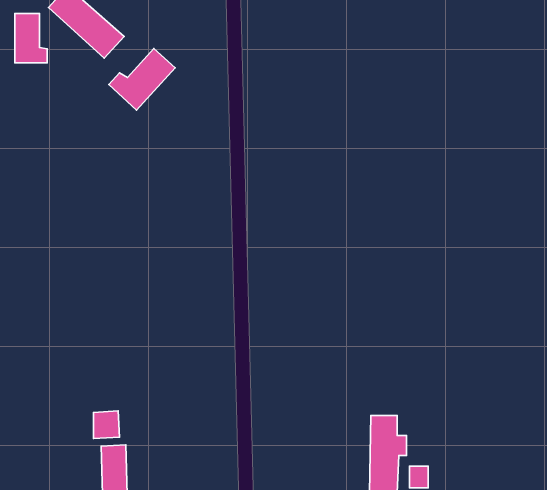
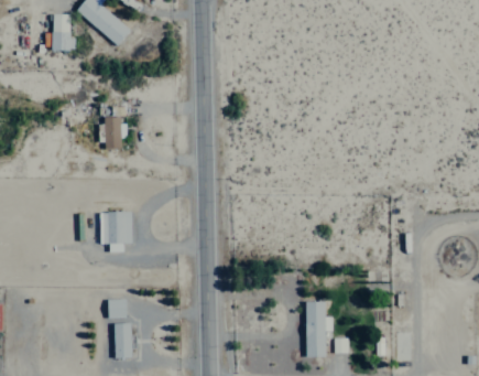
building: [109,49,175,110] -> none
building: none -> [106,116,126,148]
building: none -> [101,211,133,250]

